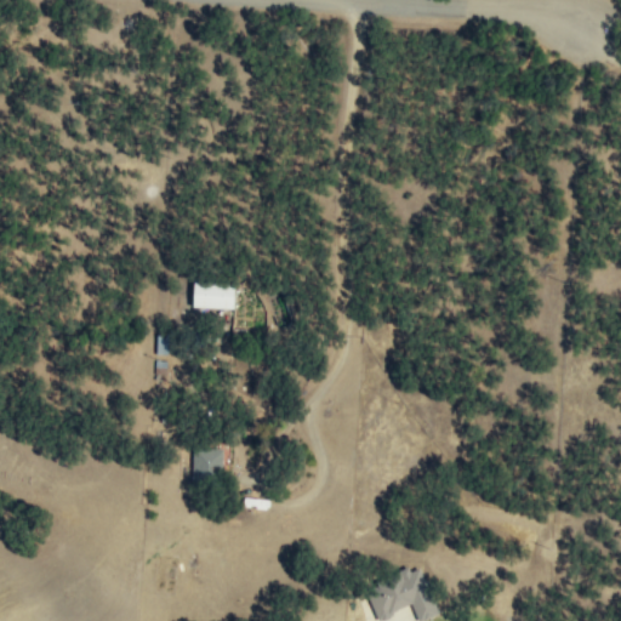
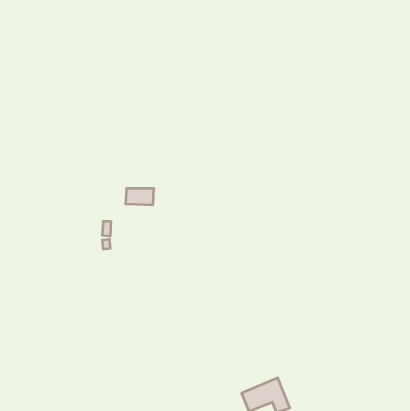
building: [193,449,223,484] -> none

